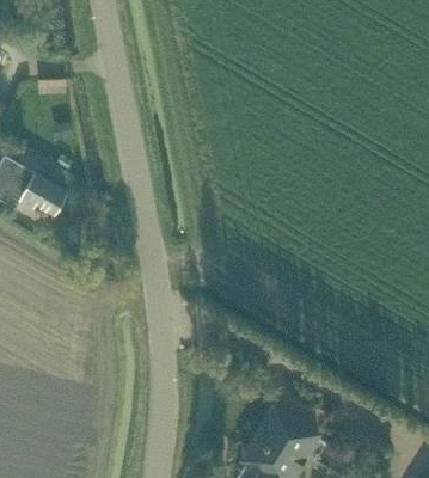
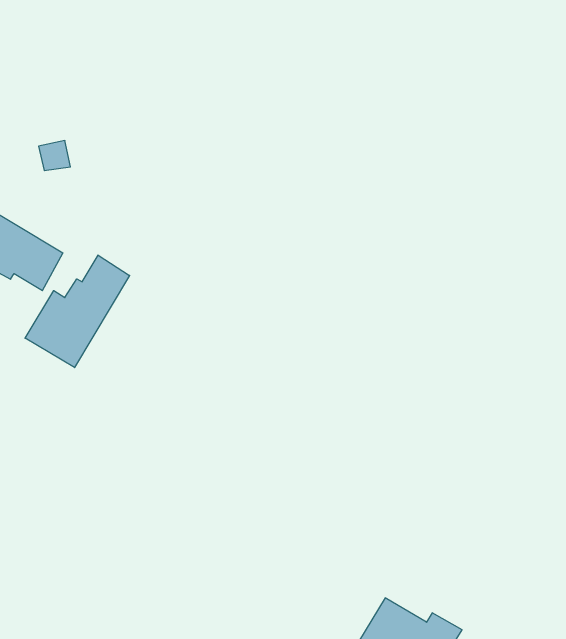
building: none -> [25,255,130,368]

